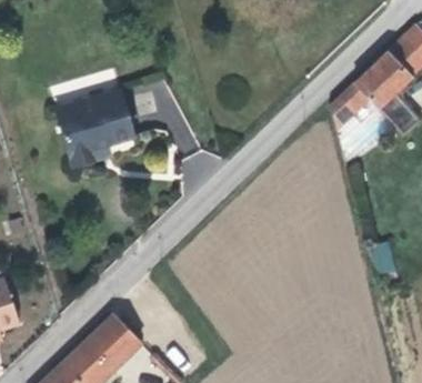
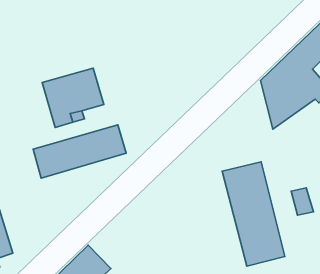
building: none -> [33,125,126,178]
building: none -> [222,162,285,266]

